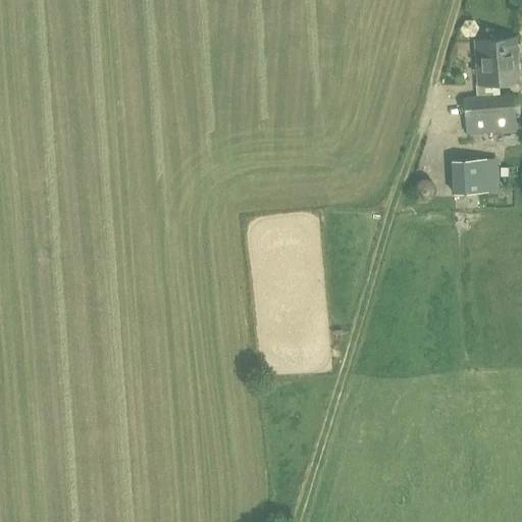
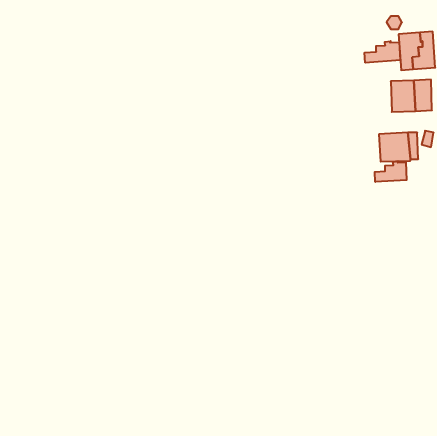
building: none -> [365,41,400,63]
building: none -> [375,161,407,182]

